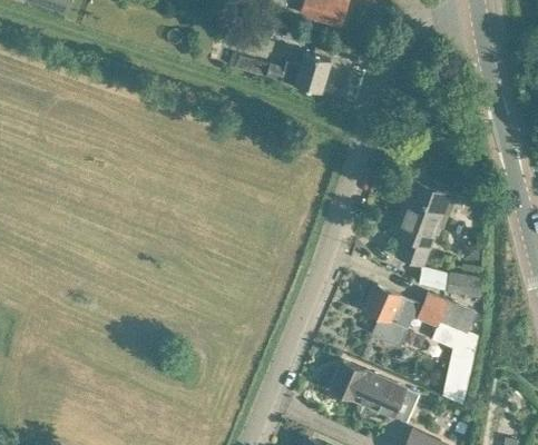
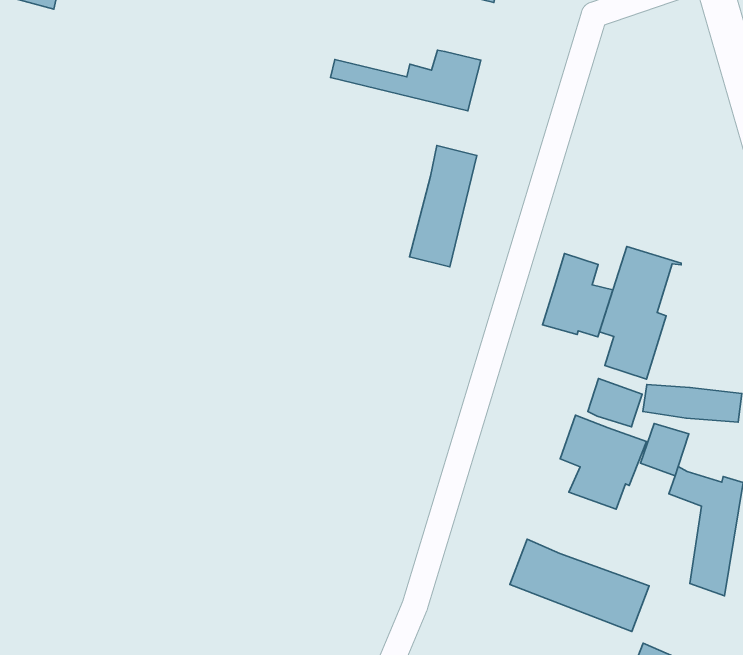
building: none -> [410,145,477,267]
building: none -> [543,253,613,337]
building: [440,301,475,333] -> [588,379,642,427]

